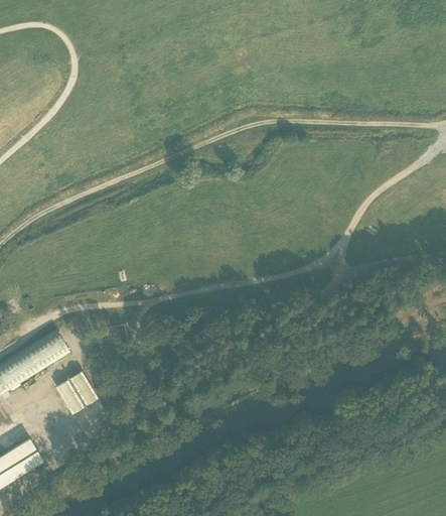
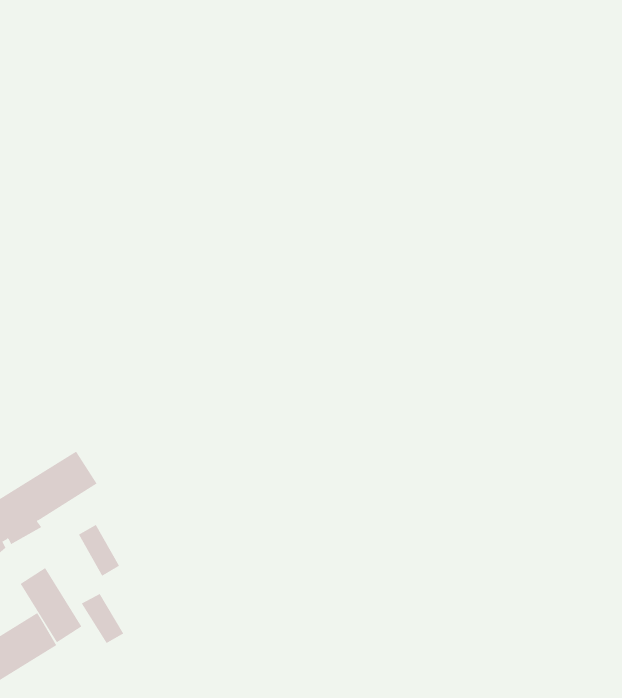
building: [69,371,99,405] -> [81,593,124,644]
building: none -> [20,567,82,643]

